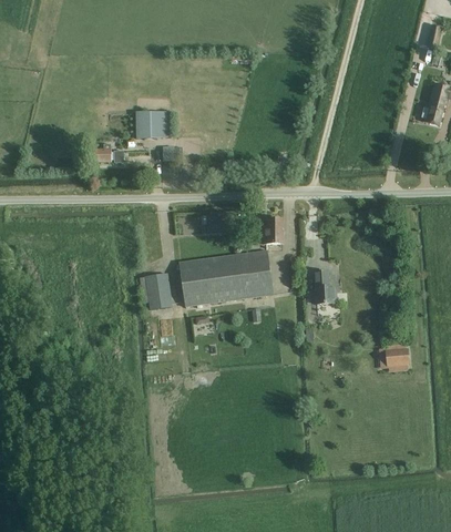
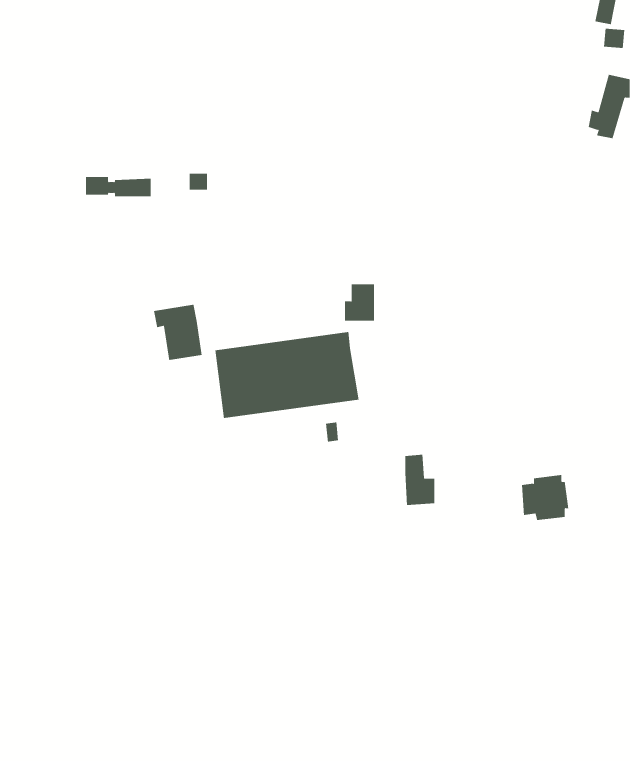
building: [135,111,167,139] -> none
building: [316,270,336,304] -> [404,454,435,505]
building: [141,273,173,309] -> [153,304,203,360]

